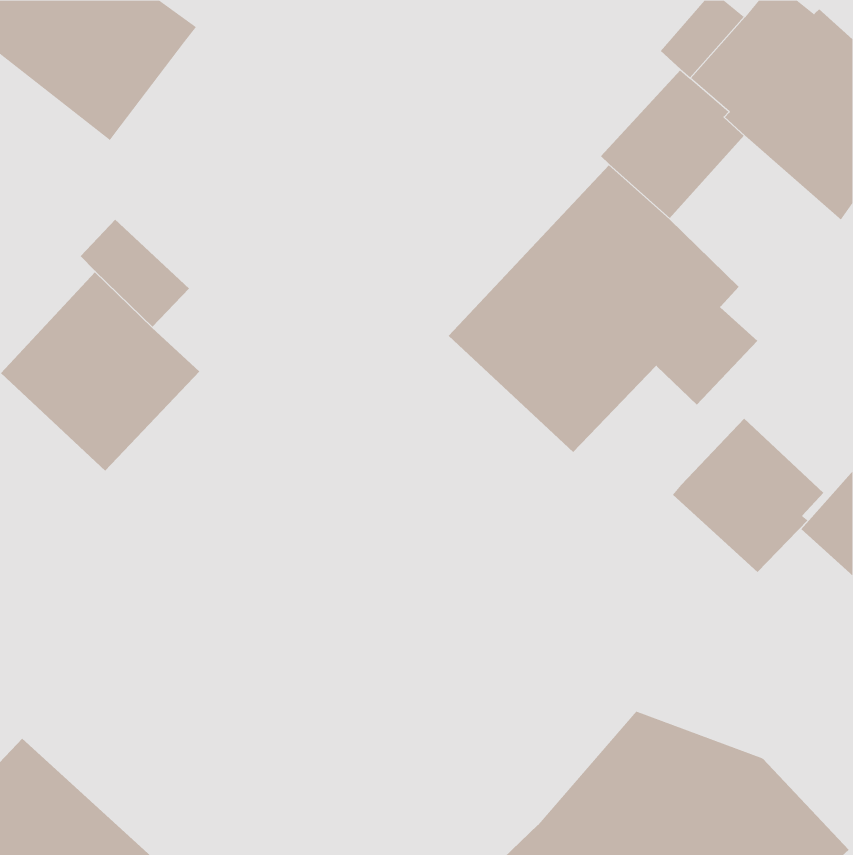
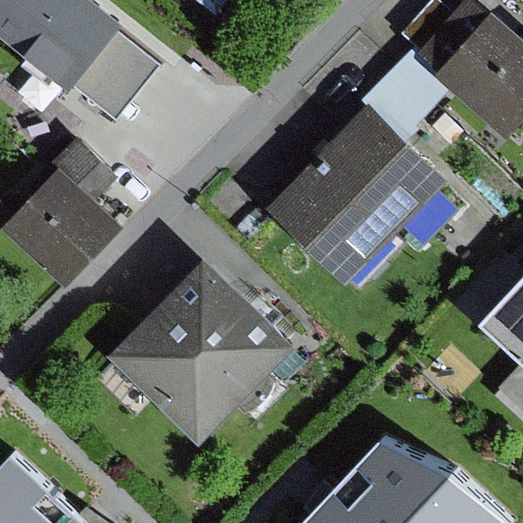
building: none -> [69,33,155,121]
building: none -> [108,255,296,442]
building: [672,418,824,573] -> none

